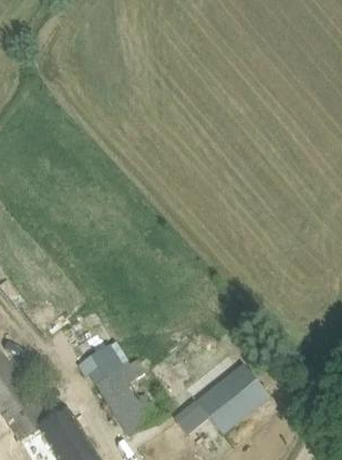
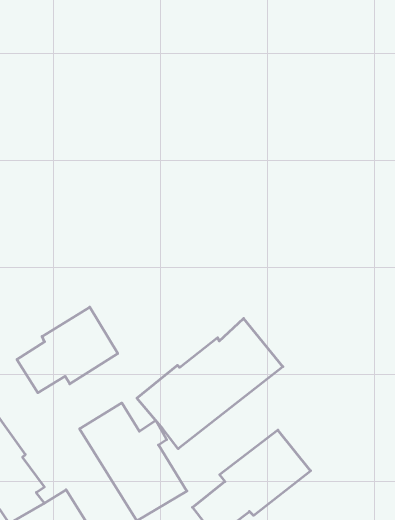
building: none -> [17,307,118,393]
building: none -> [137,318,283,449]

